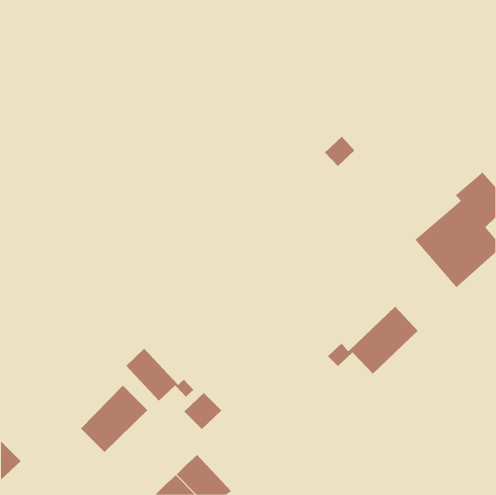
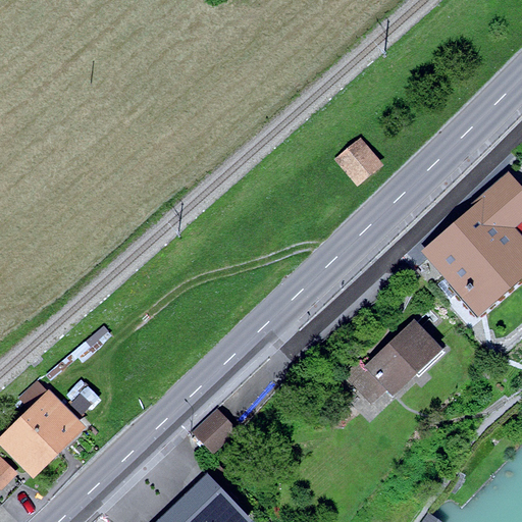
building: [126,348,194,402] -> none
building: [80,385,148,453] -> [4,395,75,466]

